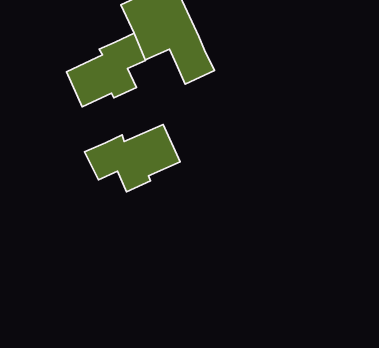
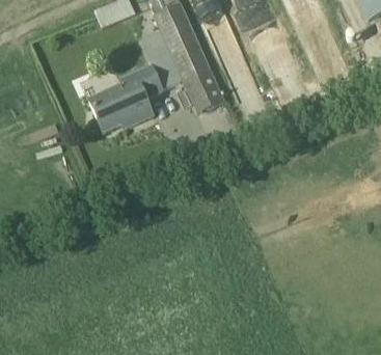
building: [85,125,180,192] -> none

